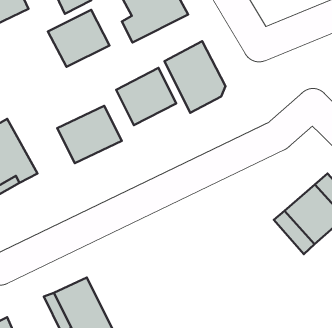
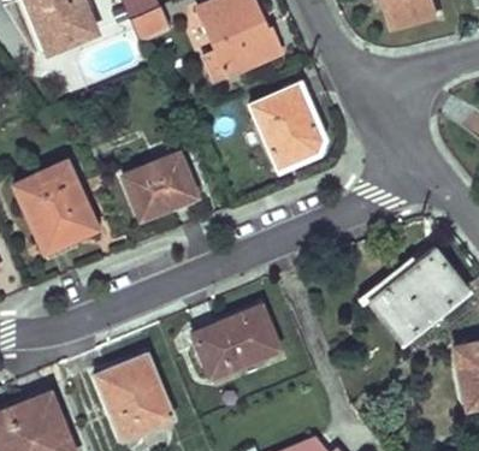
building: [48,10,110,67] -> none
building: [116,68,176,125] -> none
building: none -> [191,305,278,376]

